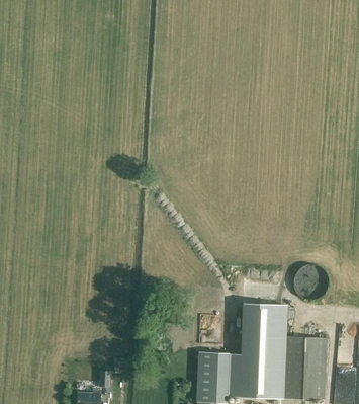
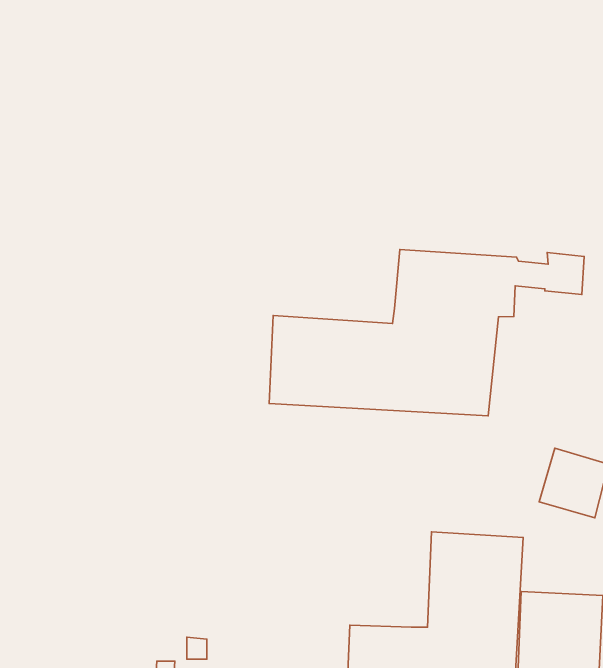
building: none -> [269,249,584,416]

